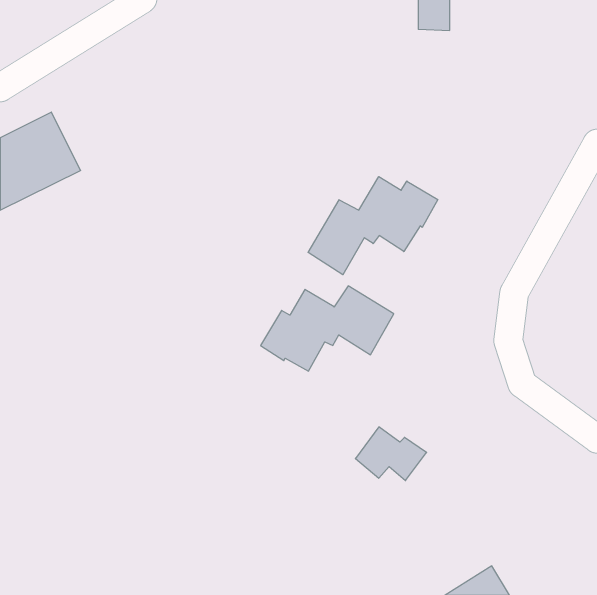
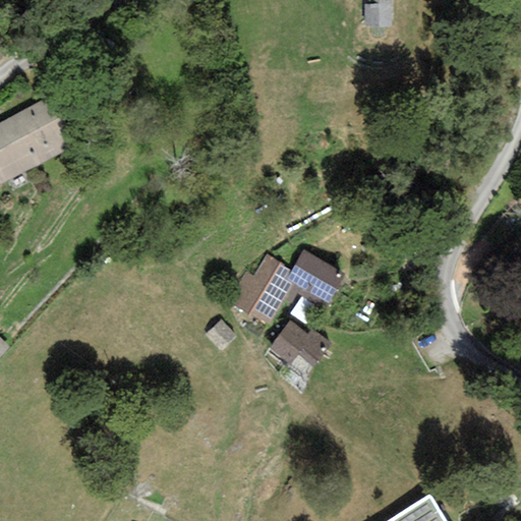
building: [308,177,438,275] -> none
building: [355,427,427,481] -> [269,320,331,366]

